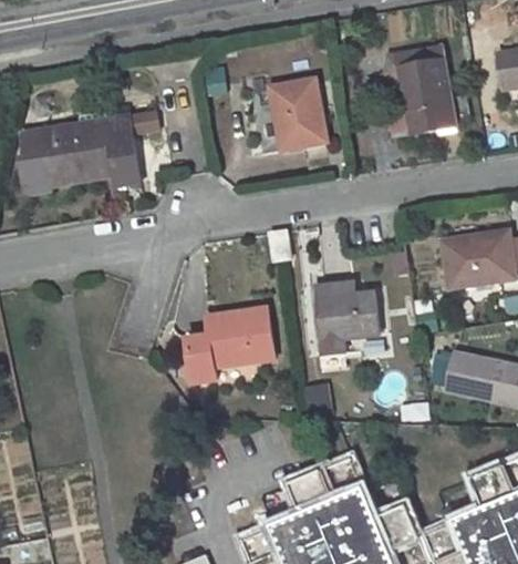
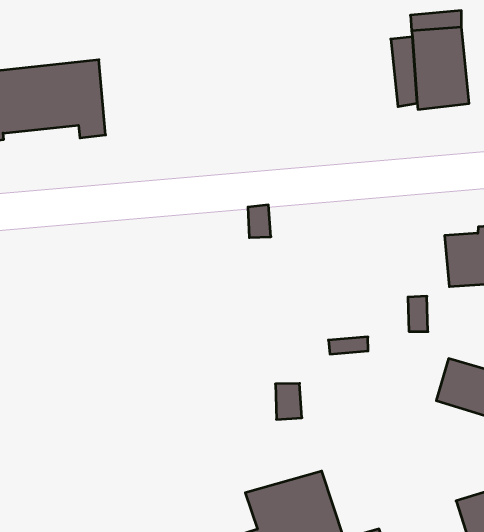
building: [269,79,325,150] -> none
building: [318,293,379,340] -> none
building: [185,307,273,381] -> none

